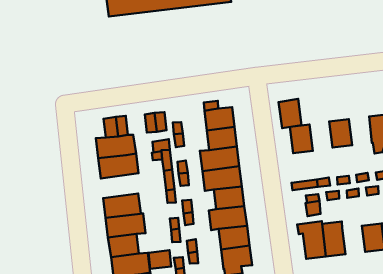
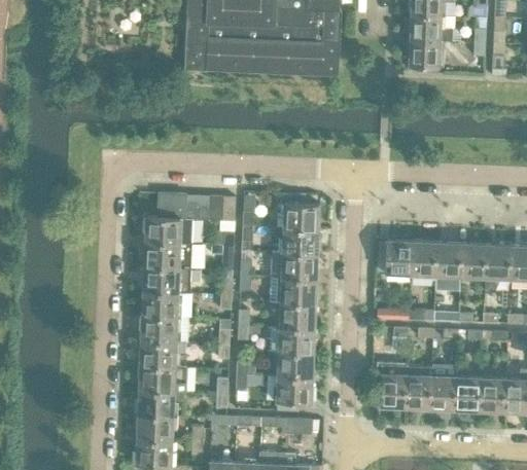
building: [279,99,302,128] -> [410,242,435,275]
building: none -> [185,195,210,219]
building: none -> [459,243,486,277]
building: none -> [142,266,190,292]
building: none -> [429,364,456,409]
building: [148,250,171,269] -> none

